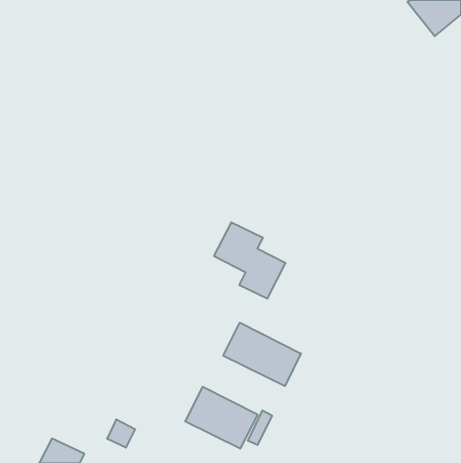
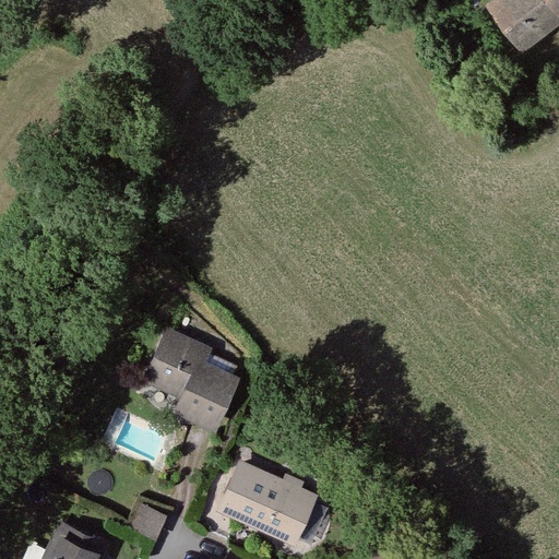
building: [214,222,286,299] -> [146,336,233,428]
building: [223,323,301,386] -> none

